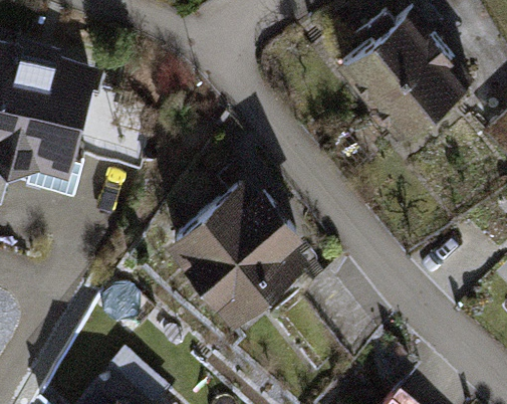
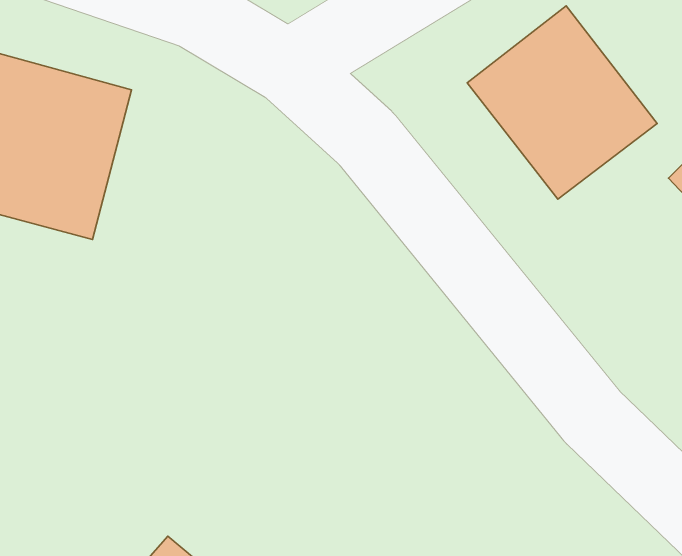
building: [166,176,318,332] -> none

